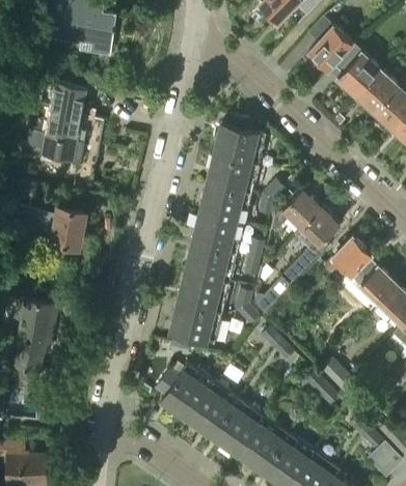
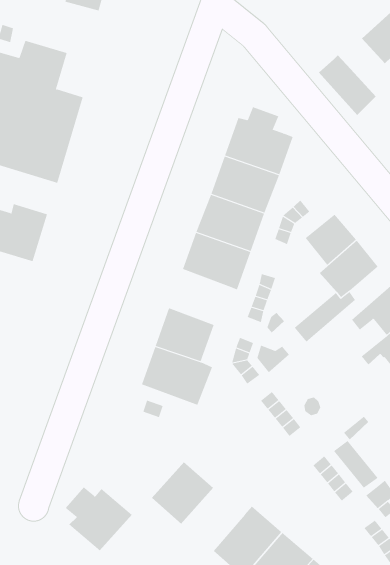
building: none -> [318,55,377,116]
building: [184,242,237,284] -> none
building: [156,370,208,418] -> [65,486,133,551]
building: [211,405,258,453] -> none

